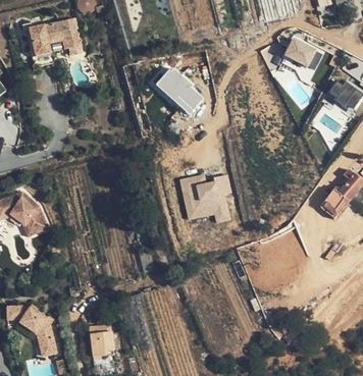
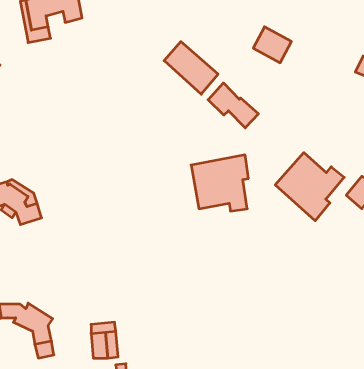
building: [284,36,319,68] -> [253,27,291,63]
building: none -> [208,83,258,128]
building: none -> [275,153,344,221]

